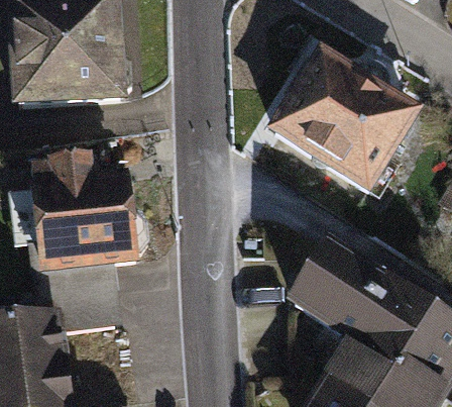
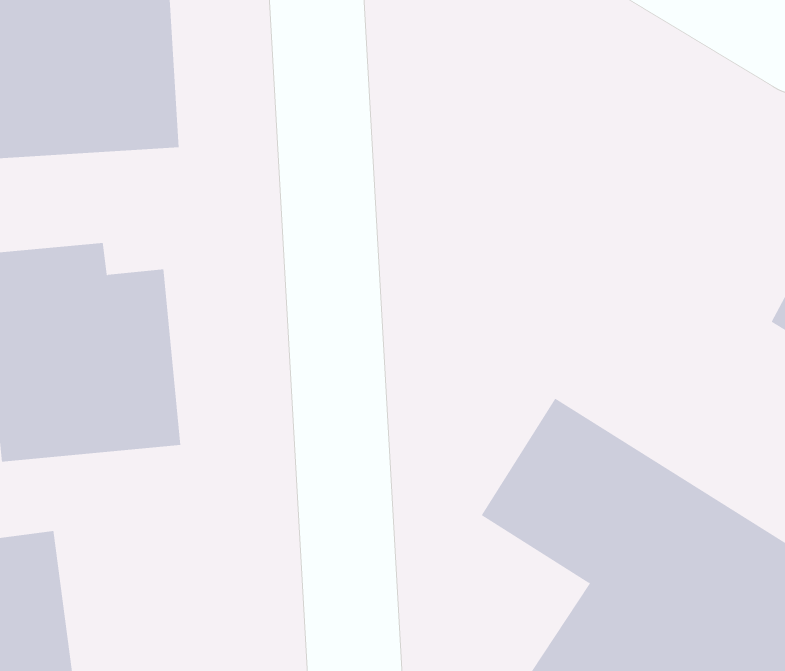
building: [268,44,423,191] -> none

